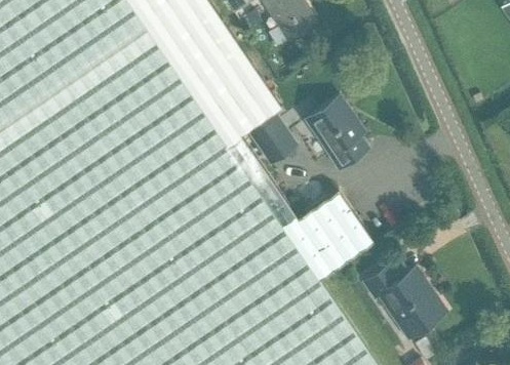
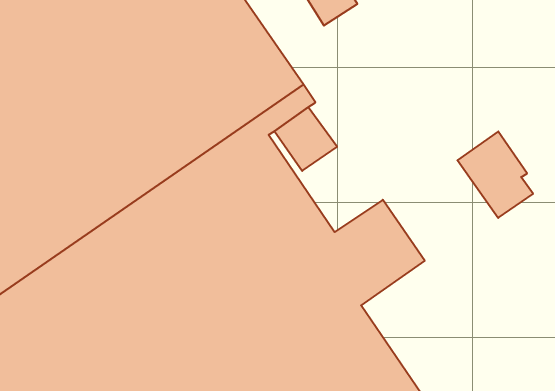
building: [305,95,369,169] -> [457,131,533,218]
building: [362,266,446,338] -> none

